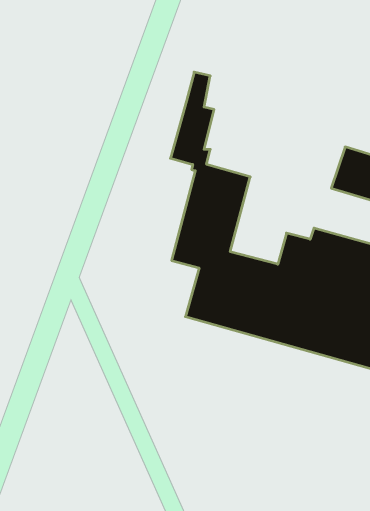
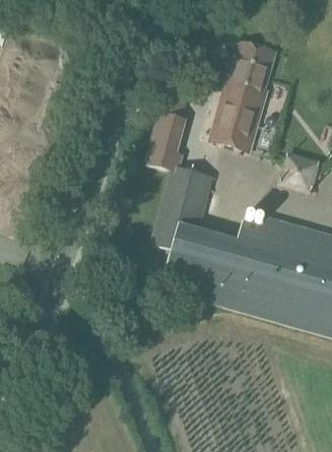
building: none -> [208,41,275,153]

